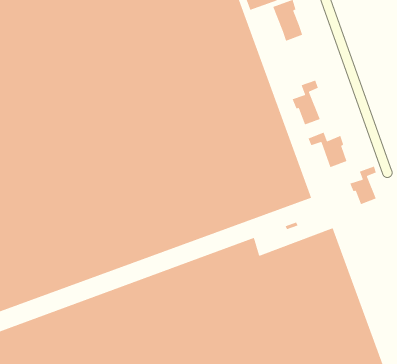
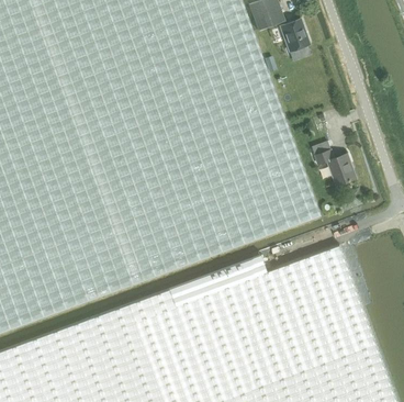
building: [291,79,321,126] -> none
building: [349,166,377,205] -> none

